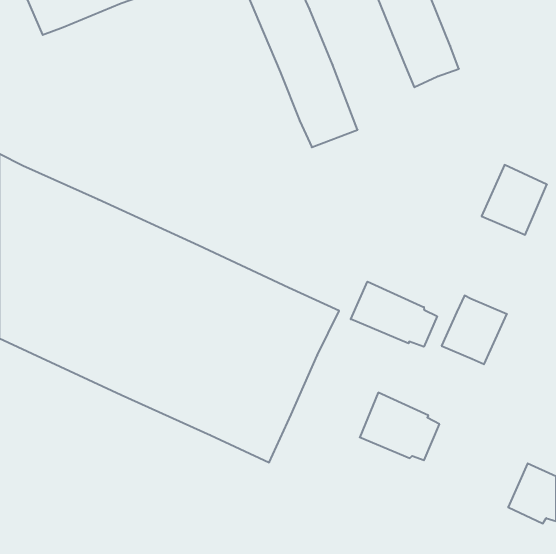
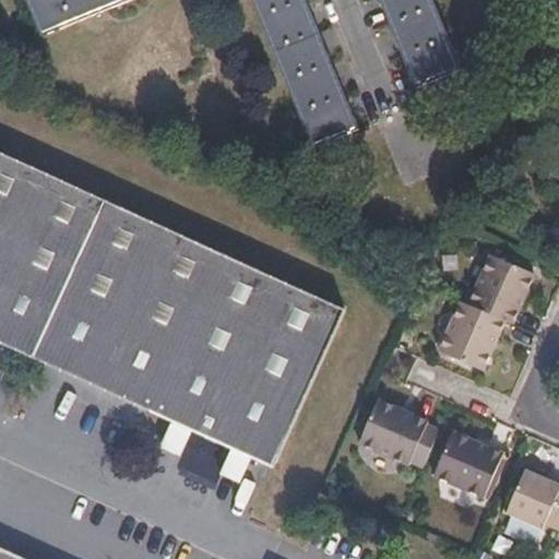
building: [482,165,547,235] -> [472,248,537,318]
building: [351,282,437,347] -> none
building: none -> [435,427,504,491]

